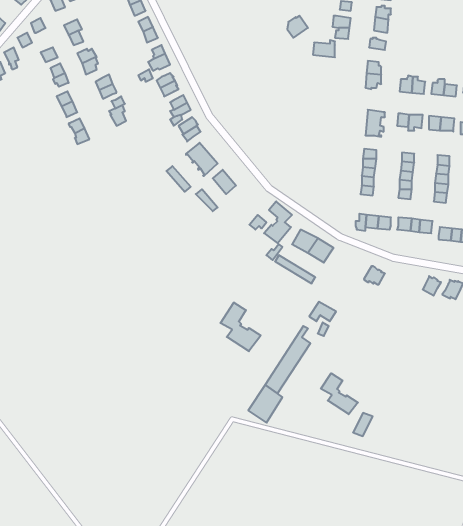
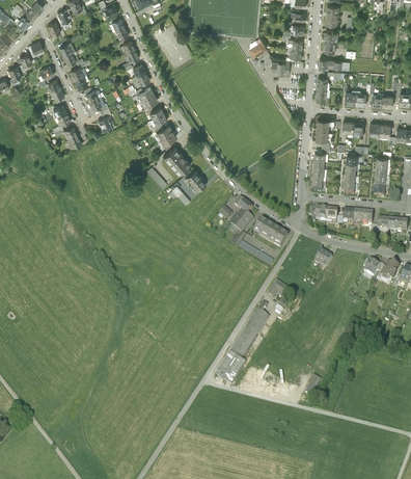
building: [220,302,261,351] -> none
building: [321,373,358,414] -> none

